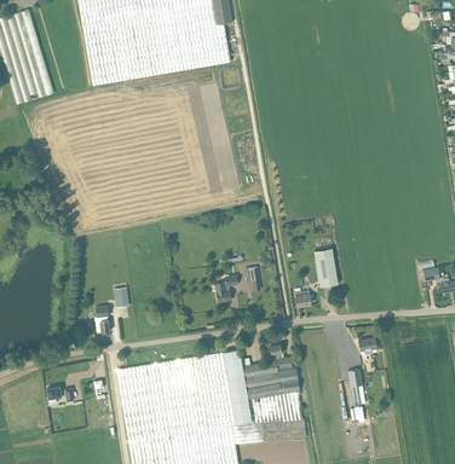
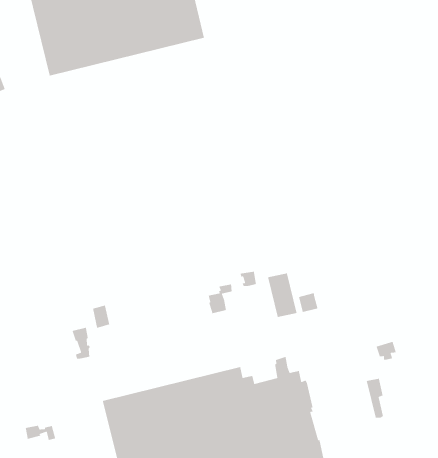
building: [313,248,338,286] -> [267,272,298,318]

